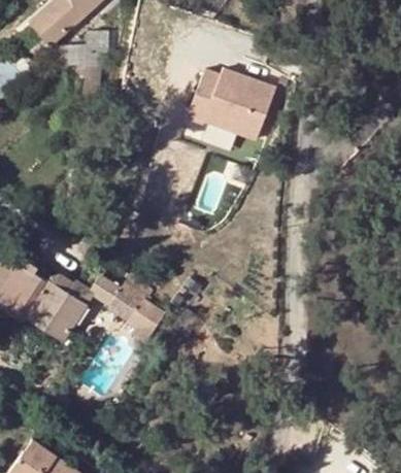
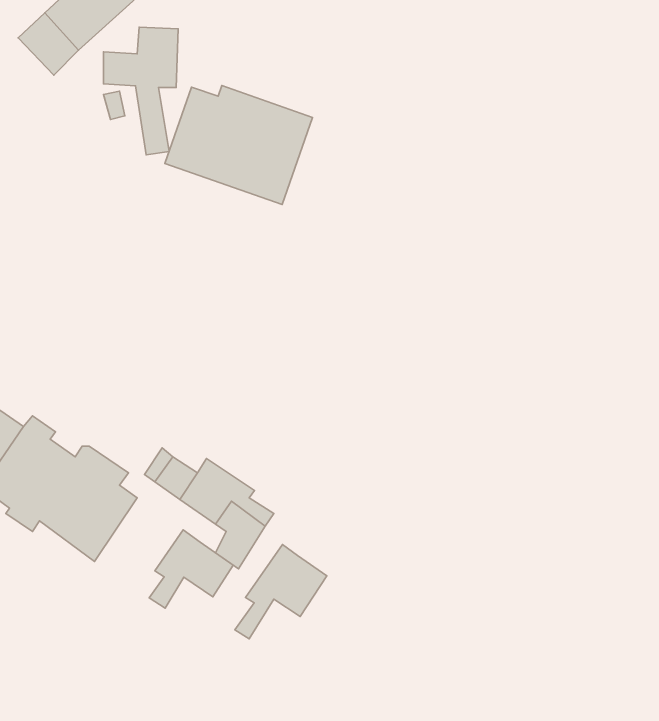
building: [191,70,276,139] -> [165,85,312,204]
building: none -> [149,530,233,608]
building: none -> [235,544,327,639]

